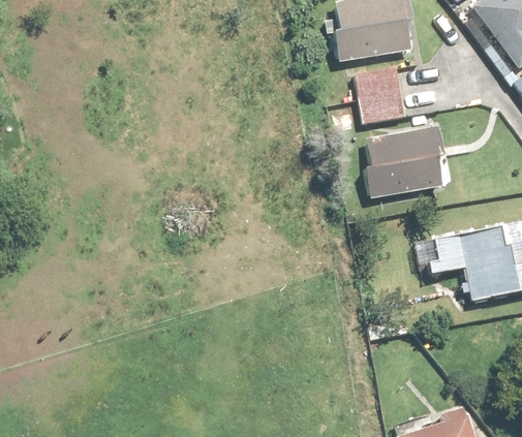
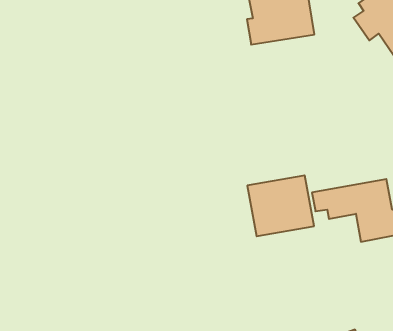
building: [352,69,407,125] -> none
building: [364,125,446,199] -> [247,175,314,236]

